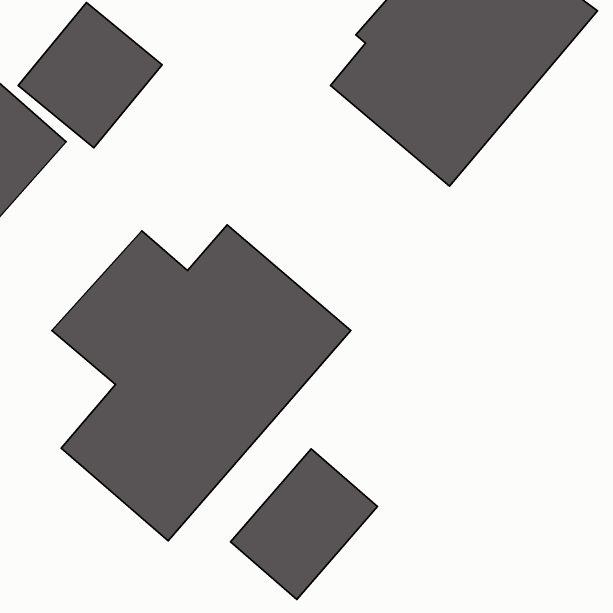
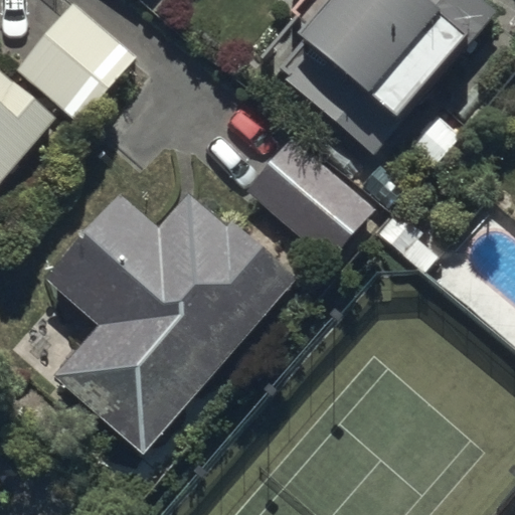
building: none -> [247,136,373,259]
building: [230,449,377,599] -> none

